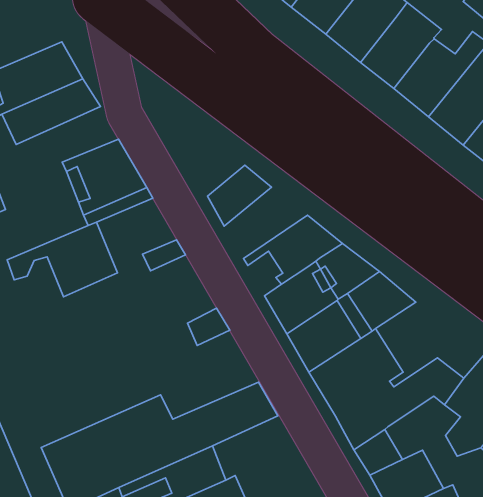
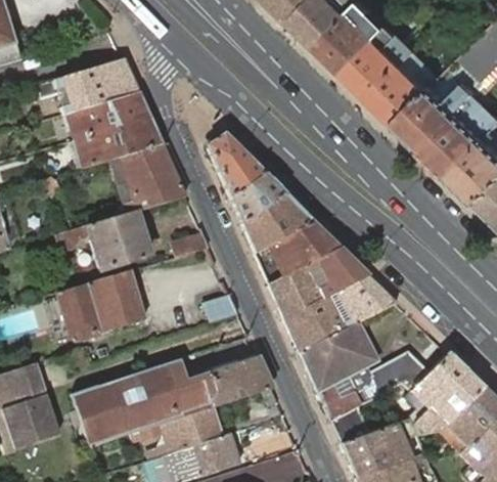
building: none -> [76,114,162,166]
building: none -> [208,135,265,198]
building: none -> [242,195,313,253]
building: none -> [58,269,146,340]

